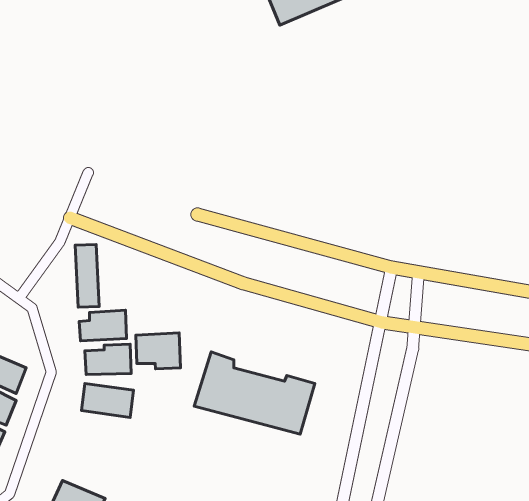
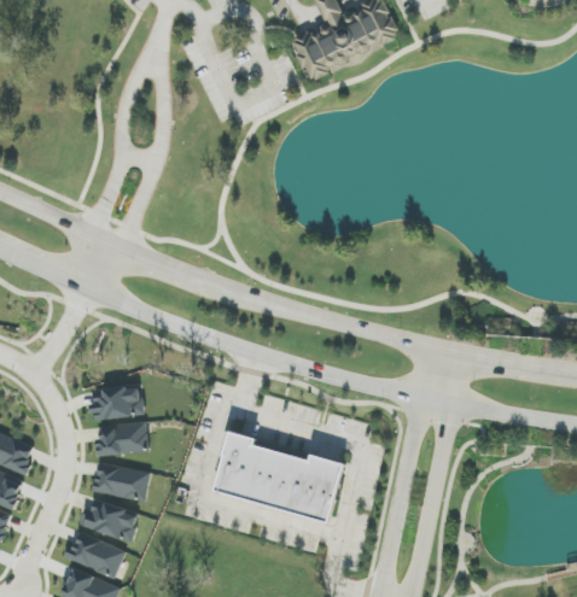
building: [75,244,99,307] -> none
building: [136,333,180,369] -> none
building: none -> [78,499,139,542]
building: none -> [66,533,124,578]

